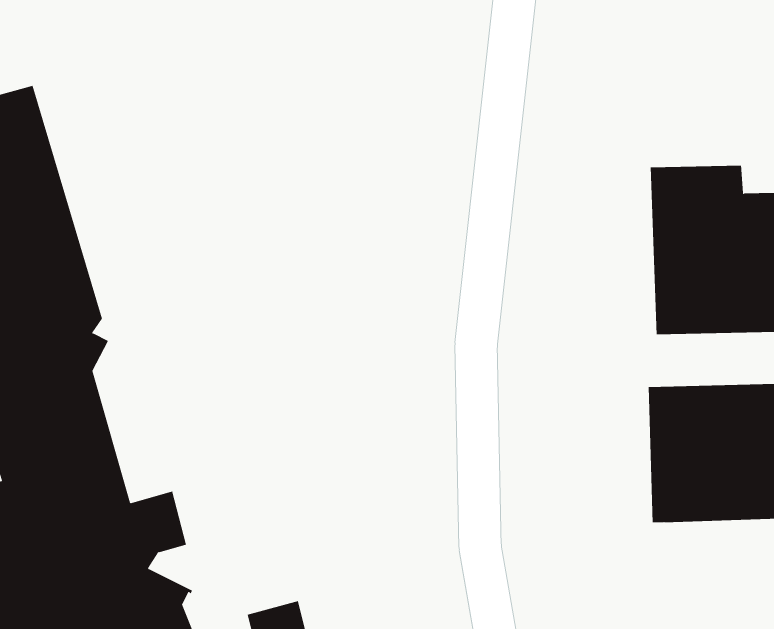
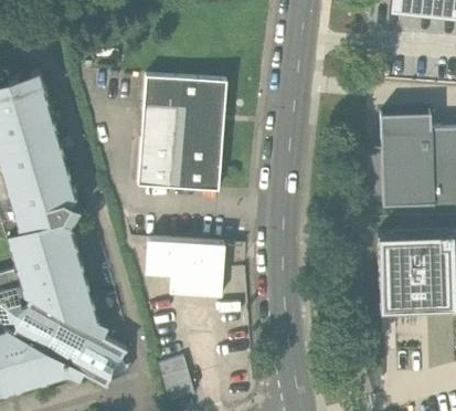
building: none -> [139,74,227,191]
building: none -> [145,240,224,297]

